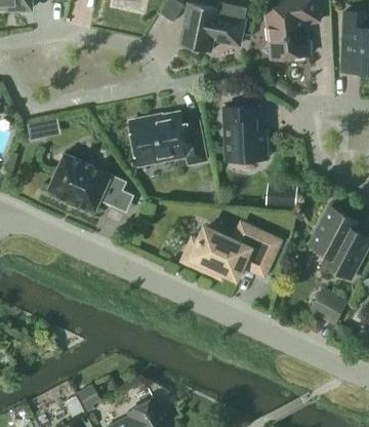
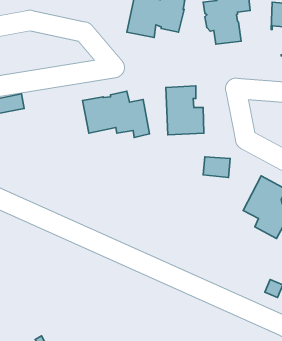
building: [47,153,126,212] -> none
building: [182,224,279,278] -> none
building: [309,286,347,324] -> none

